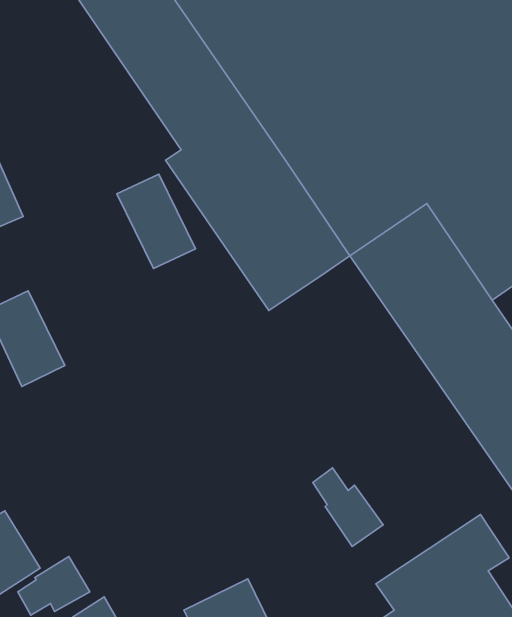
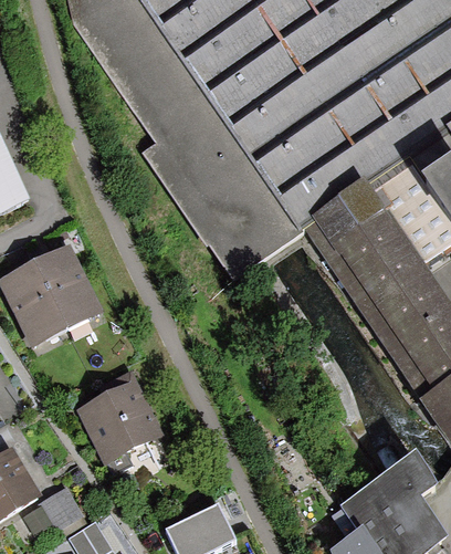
building: [117,174,195,268] -> [33,244,99,324]
building: none -> [78,381,158,458]
building: [313,468,383,546] -> none

